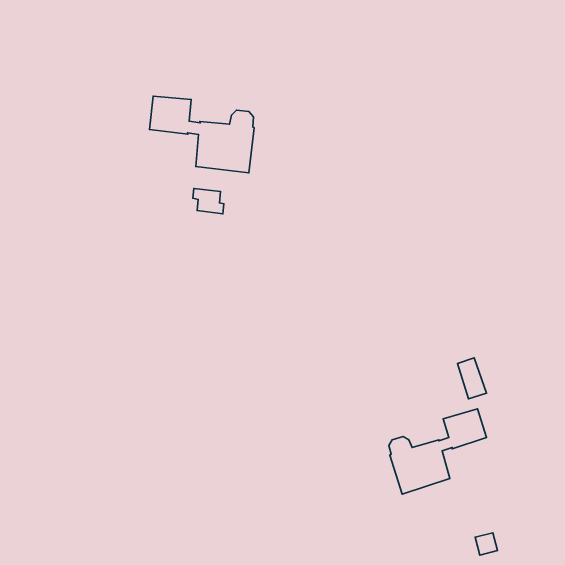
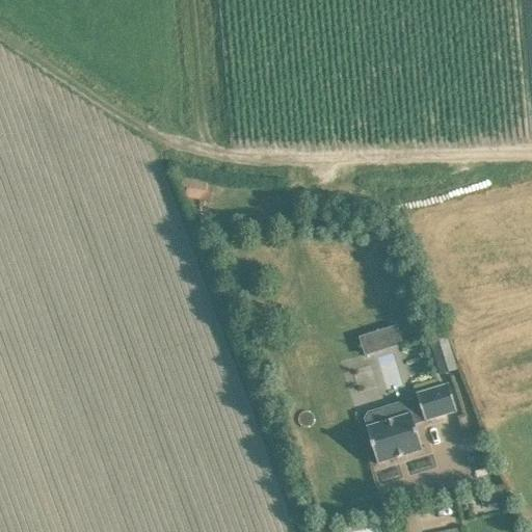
building: [149,96,254,173] -> none
building: none -> [363,324,404,351]

